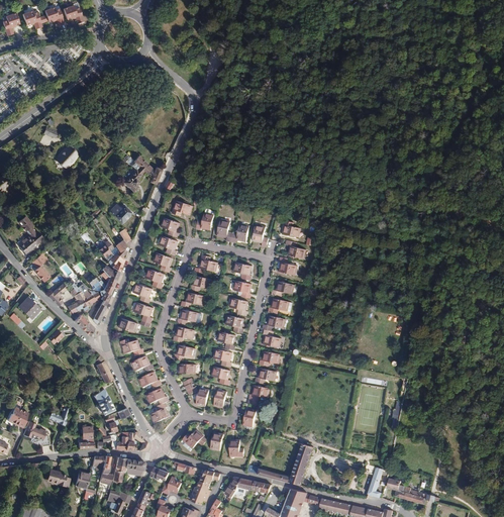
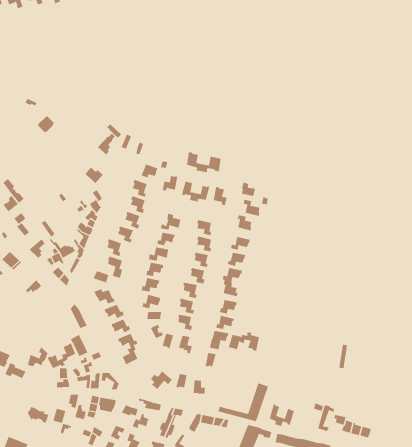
building: none -> [186,151,221,173]
building: none -> [228,331,260,351]
building: none -> [47,343,76,369]
building: none -> [269,403,295,427]

